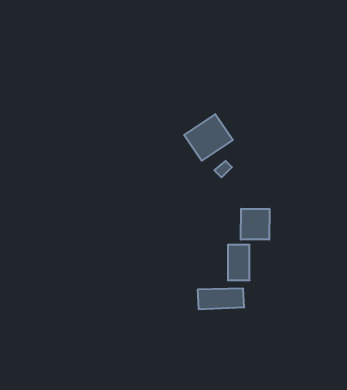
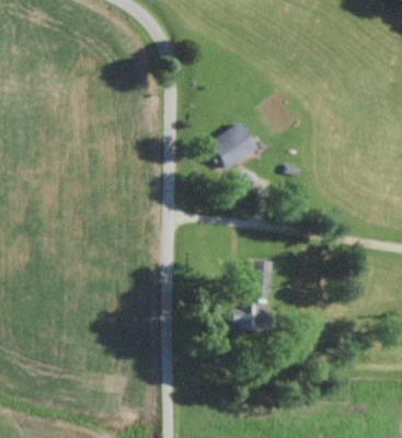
building: [241,209,269,240] -> none

